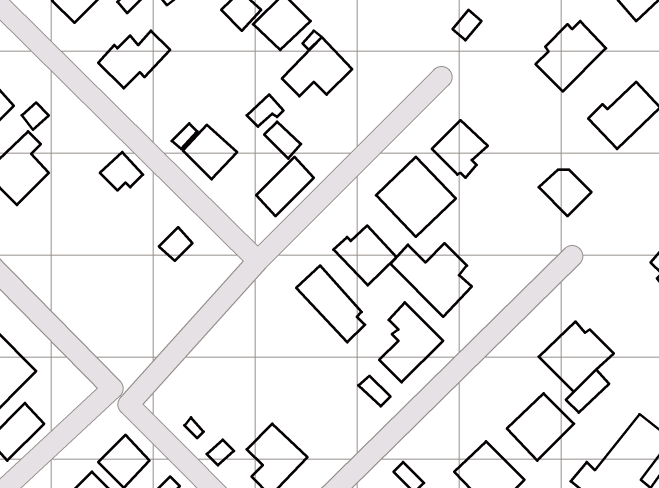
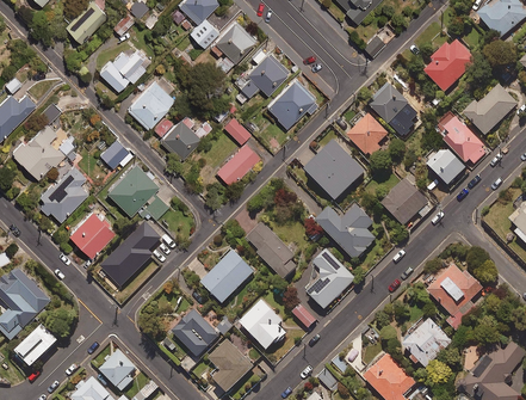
building: none -> [266,76,317,125]
building: none -> [125,78,175,129]
building: none -> [369,82,414,136]
building: none -> [432,111,487,164]
building: none -> [105,160,159,215]
building: none -> [37,166,88,221]
building: none -> [382,179,432,226]
building: [333,226,396,285] -> none
building: none -> [67,209,115,256]
building: none -> [99,220,161,285]
building: none -> [200,250,254,303]
building: none -> [240,300,287,350]
building: none -> [173,309,221,357]

